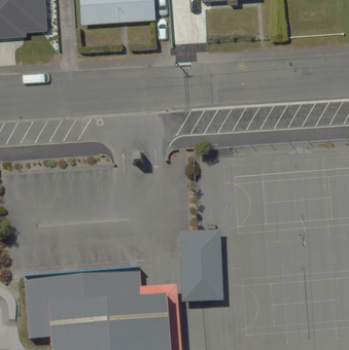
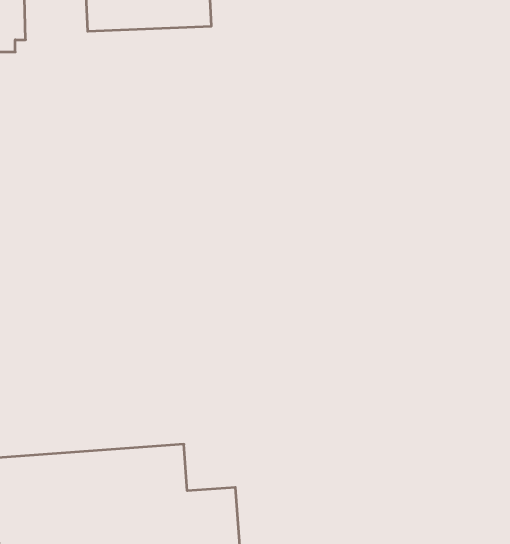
building: [180,230,225,305] -> none

